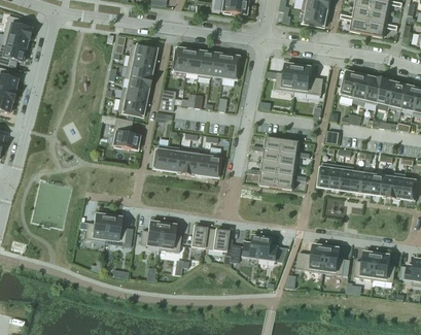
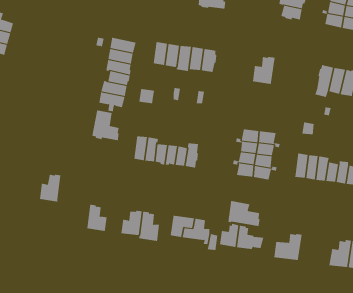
building: [294,64,323,95] -> none
building: none -> [228,200,260,227]
building: [85,213,108,242] -> [39,174,61,202]
building: [322,245,350,276] -> none

